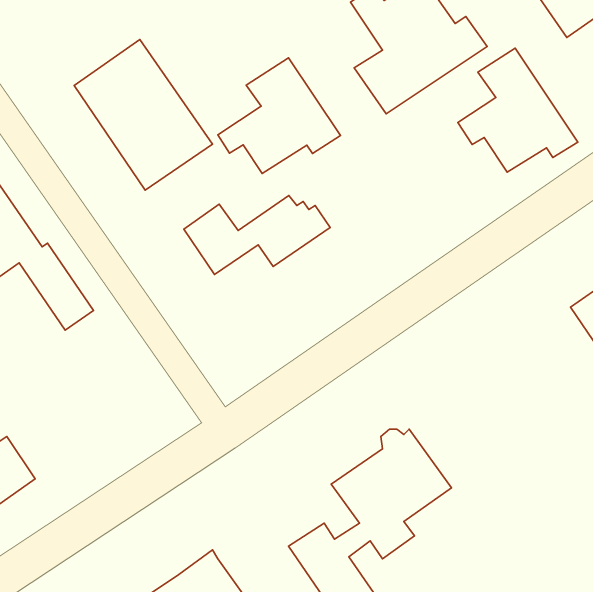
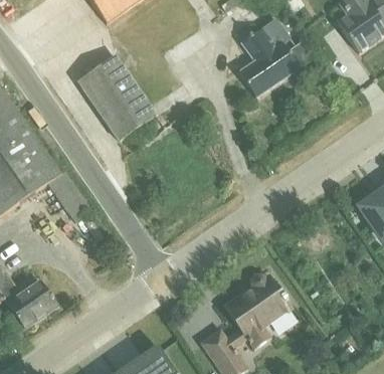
building: [458,48,578,172] -> none
building: [218,58,341,174] -> none
building: [184,195,330,275] -> none

